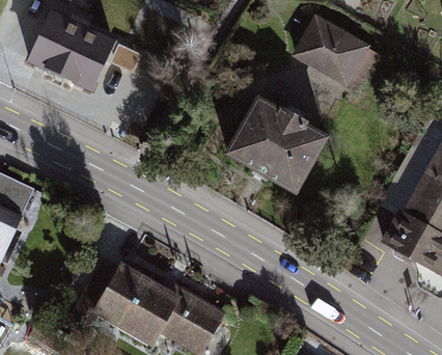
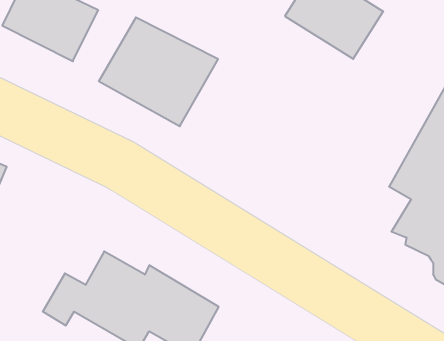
building: [226,101,333,198] -> [99,17,218,126]

